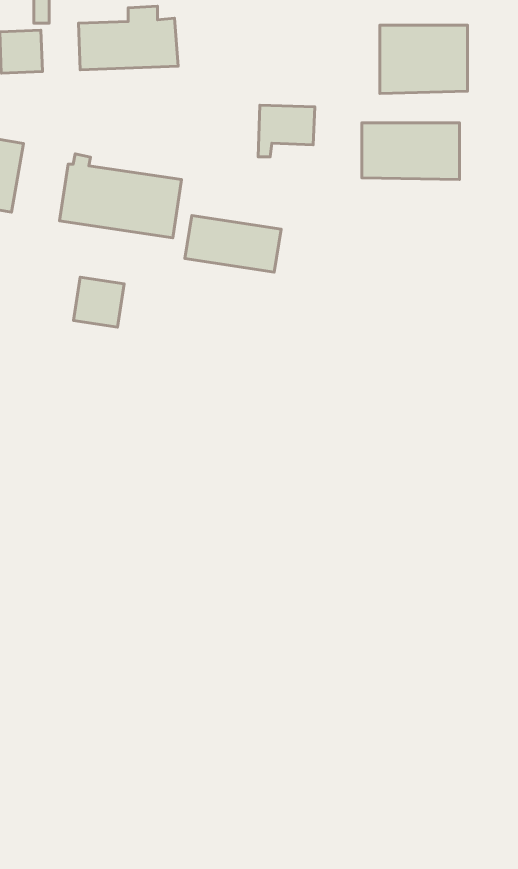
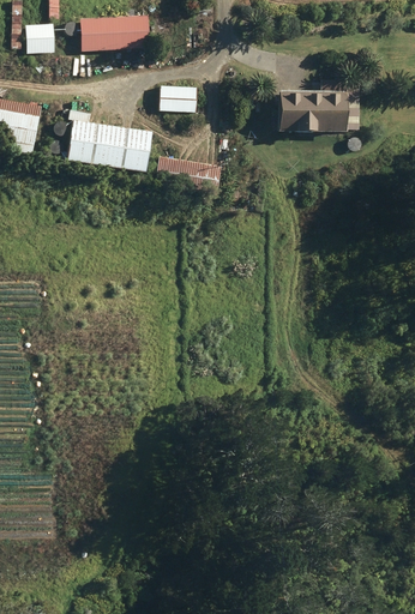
building: [380,25,468,93] -> none
building: [258,105,315,157] -> [158,84,198,120]
building: [74,277,124,327] -> none

